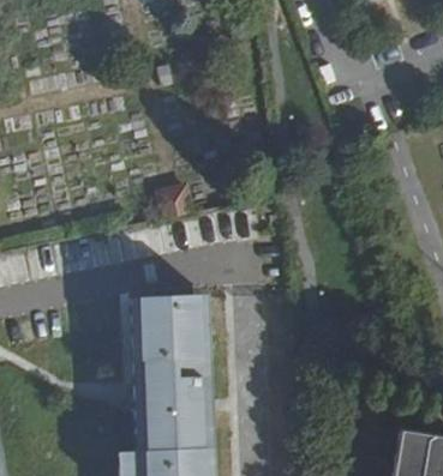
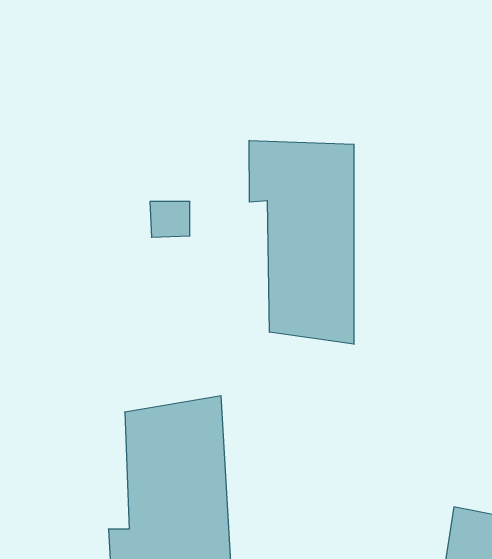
building: none -> [249,140,354,344]
building: [127,291,209,355] -> none

